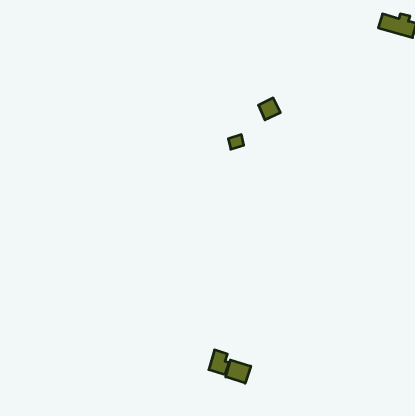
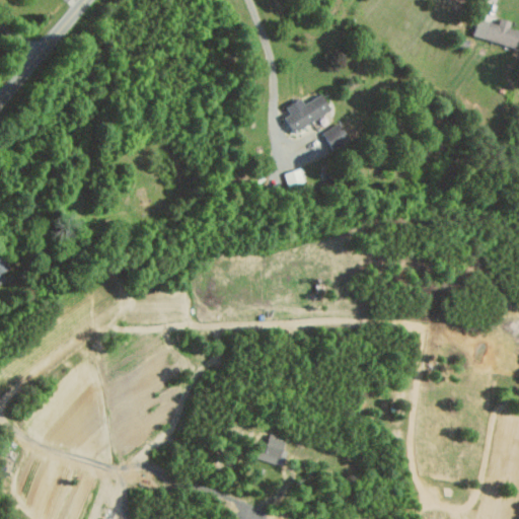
building: none -> [283,93,330,134]
building: [226,360,251,383] -> none

